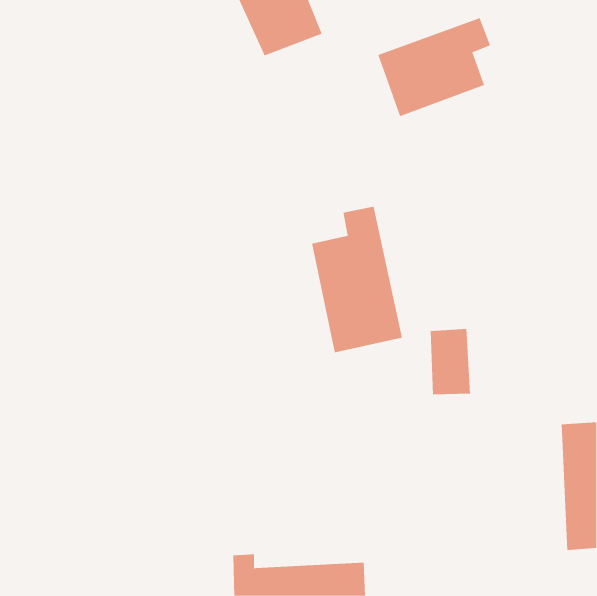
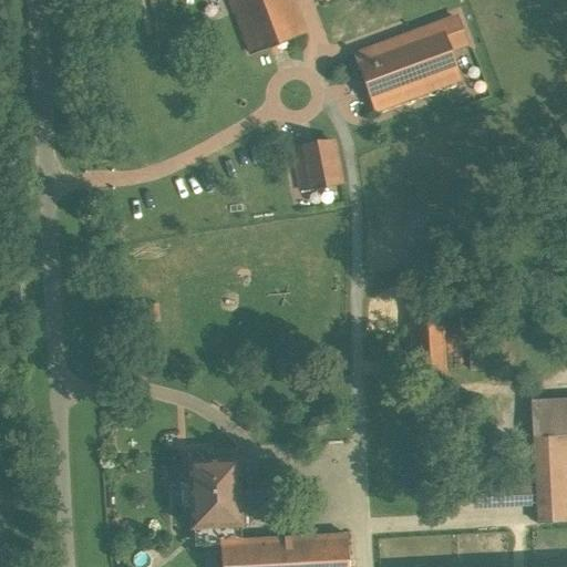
building: none -> [291,140,342,189]
building: [311,206,403,353] -> none
building: none -> [188,458,241,527]

